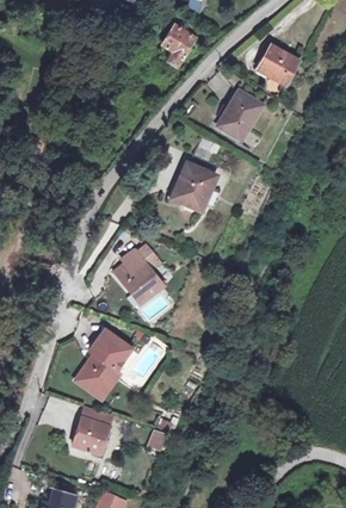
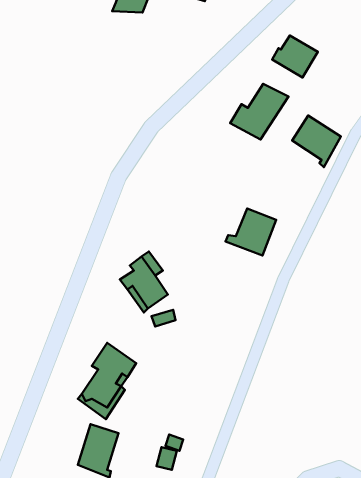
building: [162,24,197,67] -> none
building: none -> [292,115,341,167]
building: [167,163,215,207] -> [226,208,276,255]

